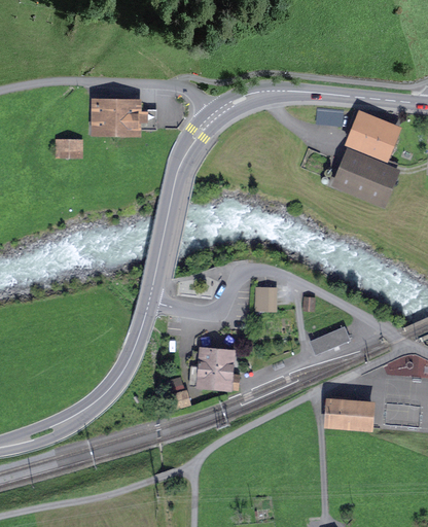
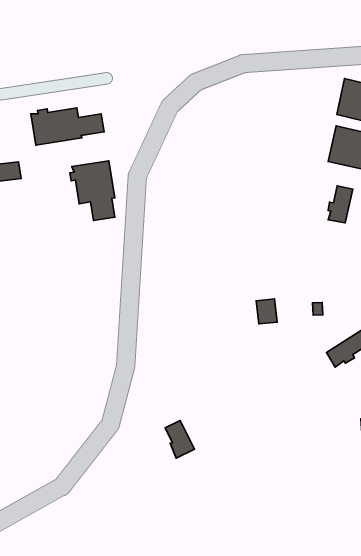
building: none -> [70,161,115,221]
building: none -> [328,186,353,223]
building: [187,350,238,388] -> none

